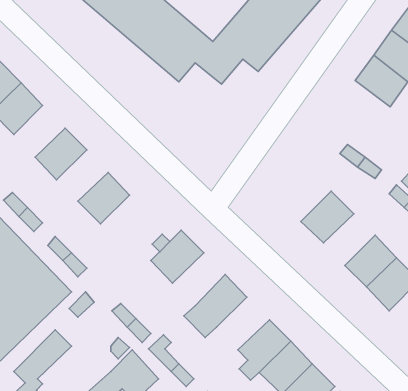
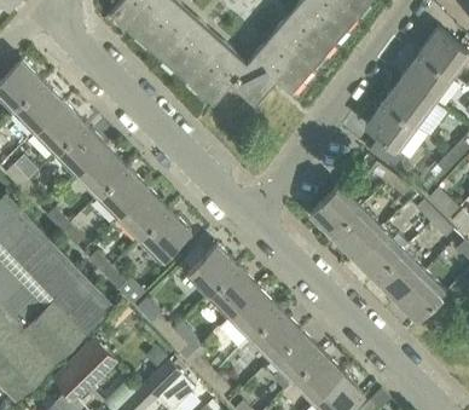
building: none -> [365,102,417,151]
building: none -> [56,126,105,175]
building: none -> [97,168,146,218]
building: none -> [309,186,360,237]
building: none -> [139,212,190,262]
building: none -> [353,230,403,279]
building: none -> [208,267,259,318]
building: none -> [250,310,301,360]

